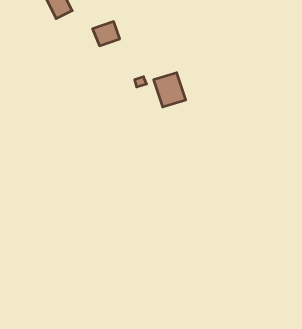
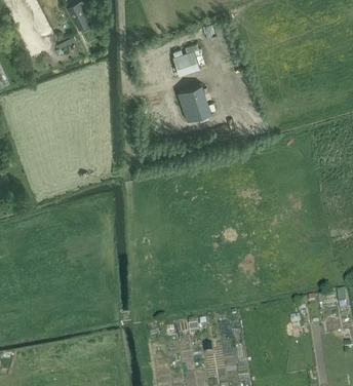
building: [93,22,120,46] -> [171,48,199,73]

